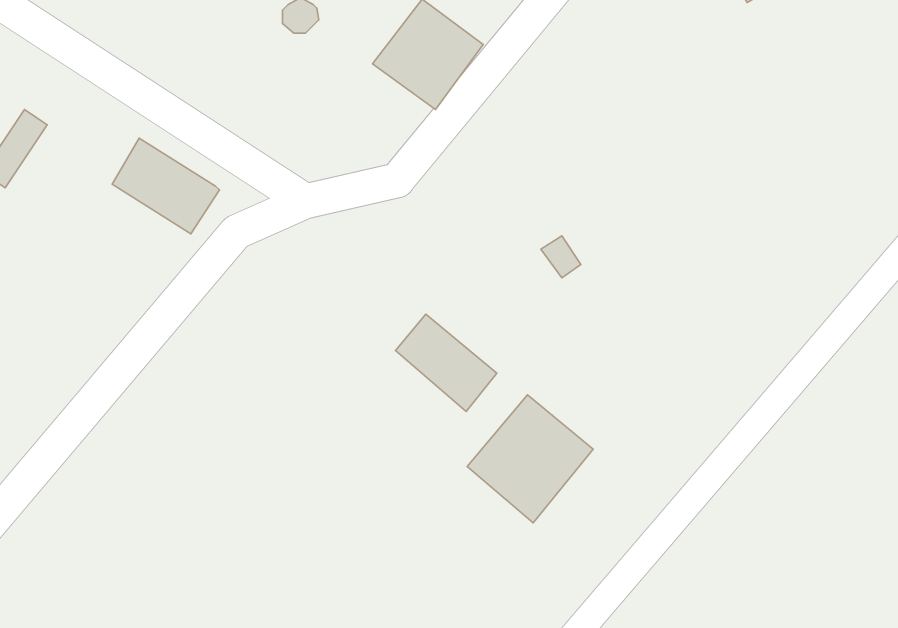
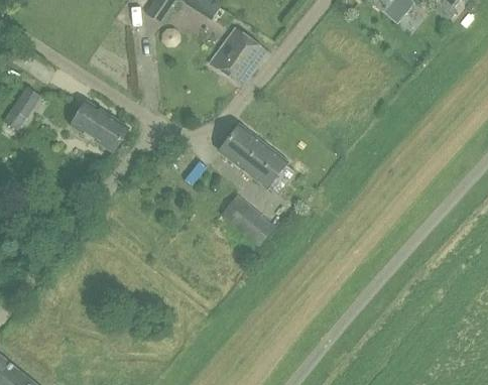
building: none -> [221,125,285,185]
building: [467,395,593,523] -> none

